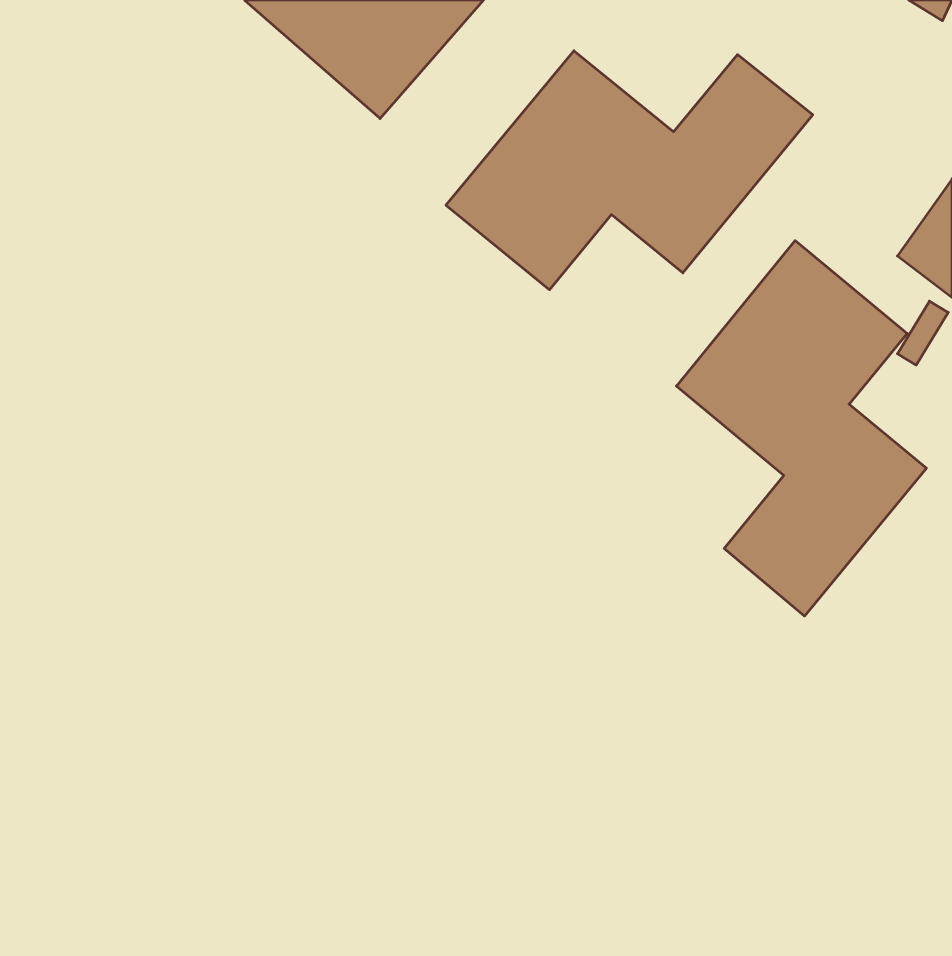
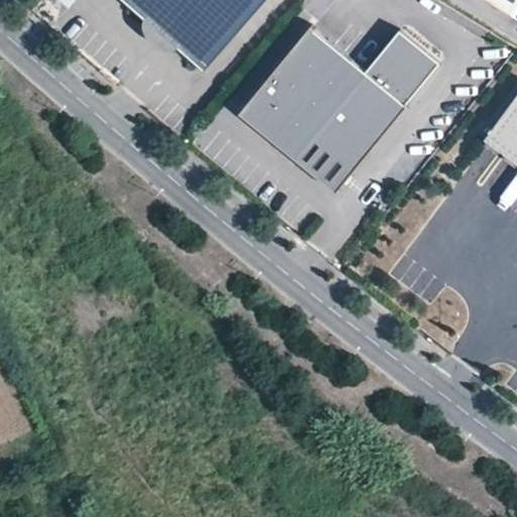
building: none -> [295,118,367,190]
building: [676,241,926,616] -> none

